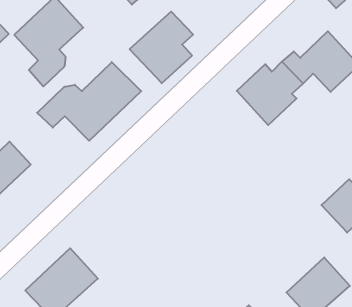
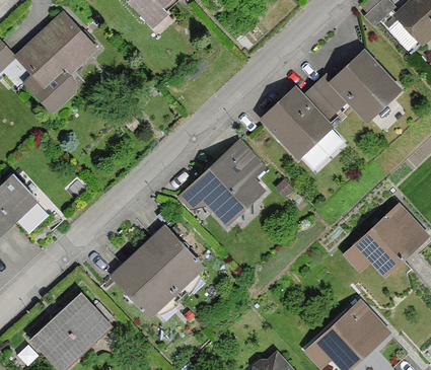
building: [130,12,193,83] -> [193,143,263,222]
building: [37,62,141,141] -> none
building: none -> [114,228,202,315]

